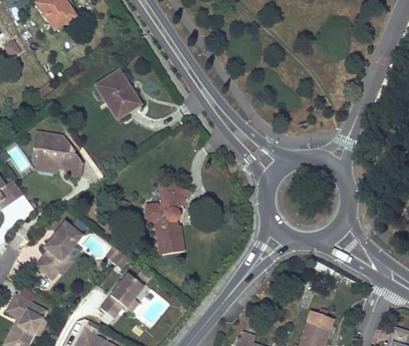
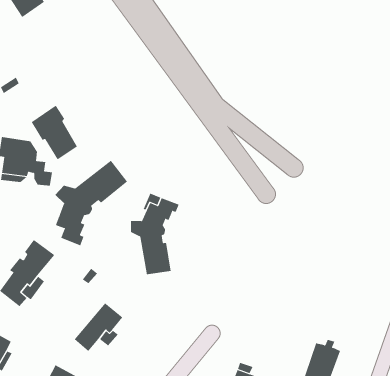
building: [95,69,137,117] -> [31,105,78,160]
building: none -> [55,160,128,246]

